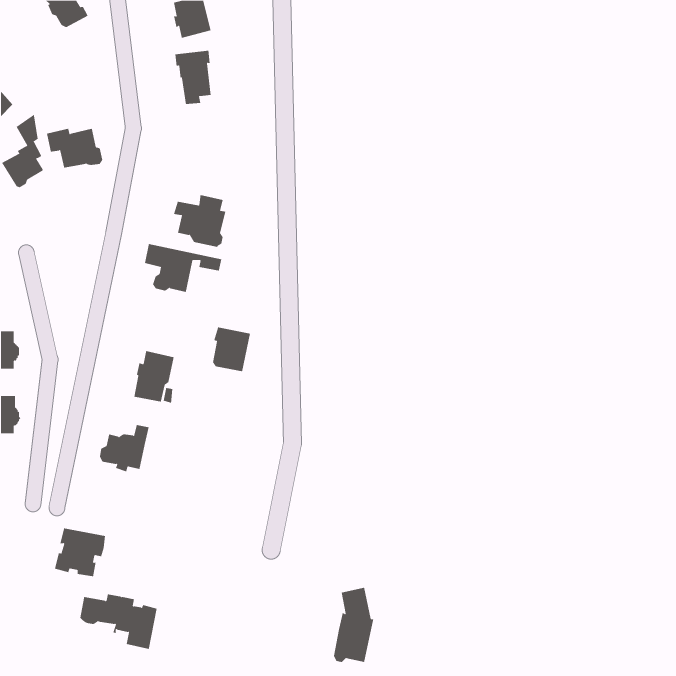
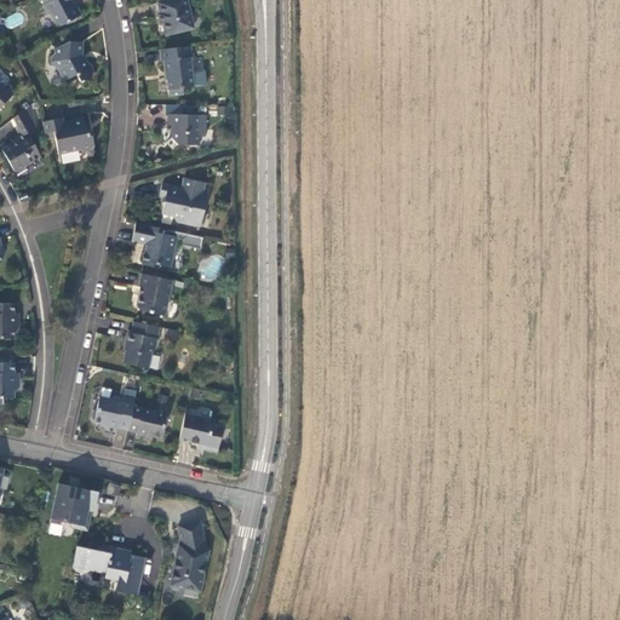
building: none -> [52,42,92,81]
building: none -> [167,114,206,145]
building: [212,327,251,372] -> [137,274,172,315]
building: none -> [127,407,166,440]
building: none -> [179,413,223,452]
building: [333,587,374,662] -> [171,521,208,590]

